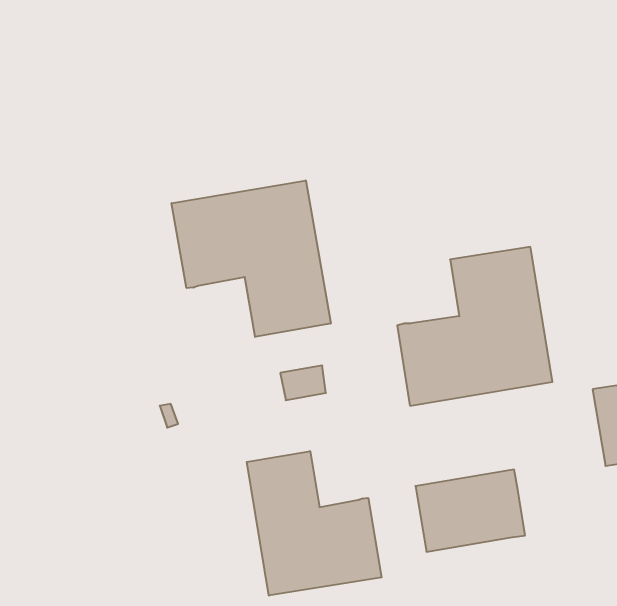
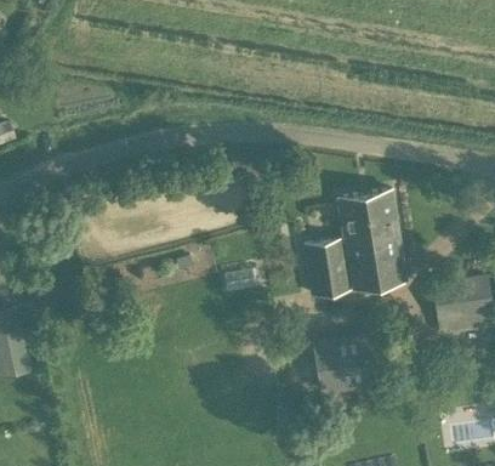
building: [172,180,331,337] -> none
building: [247,451,382,596] -> none

